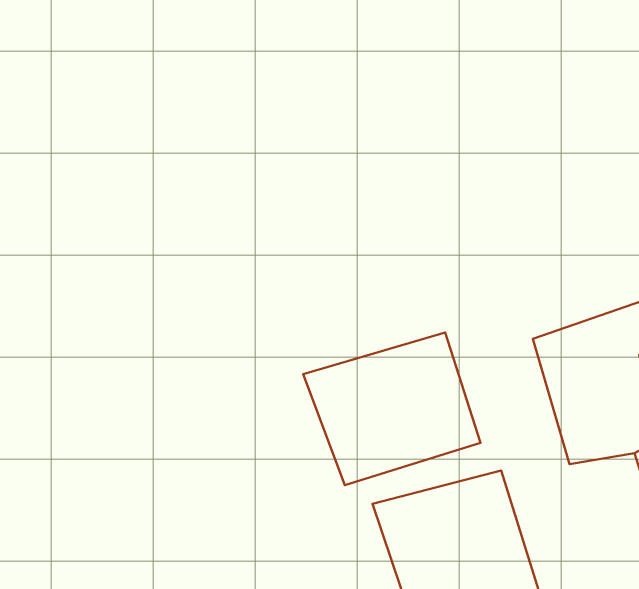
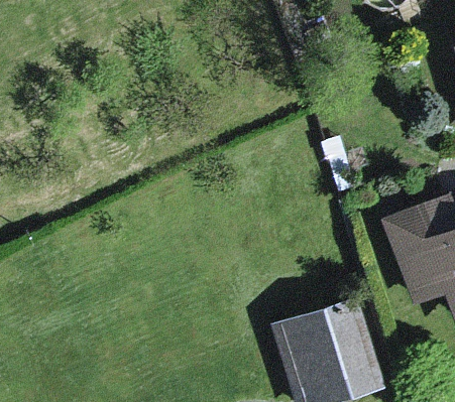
building: [303,332,481,485] -> none

